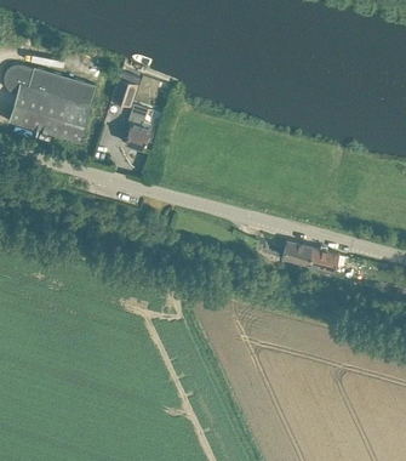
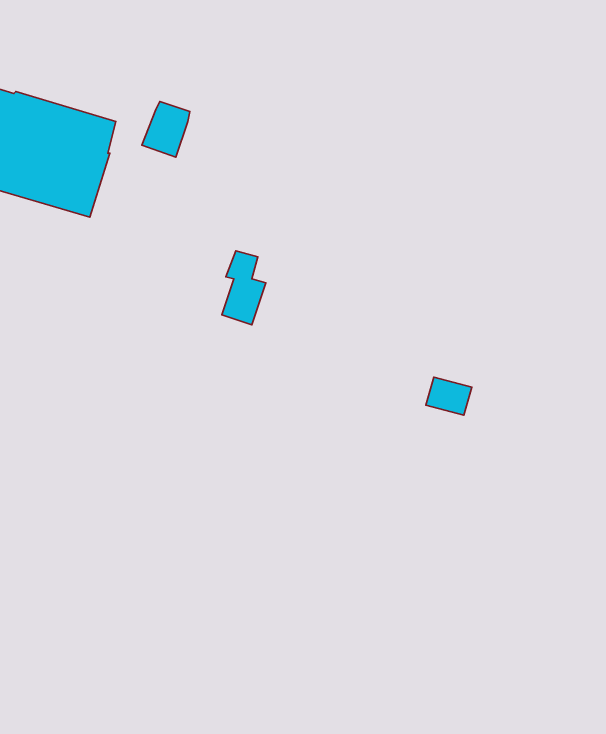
building: [124,106,150,150] -> [222,251,266,325]
building: [304,246,344,271] -> none

